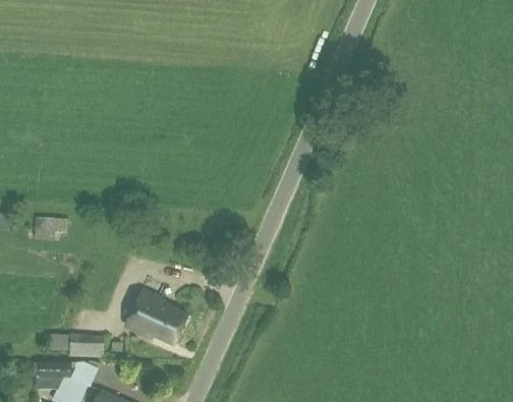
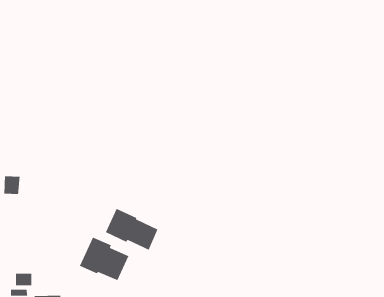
building: none -> [105,208,159,251]
building: [69,334,103,357] -> none

